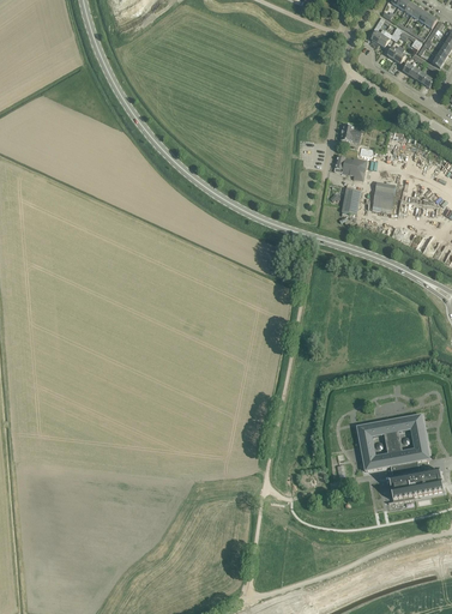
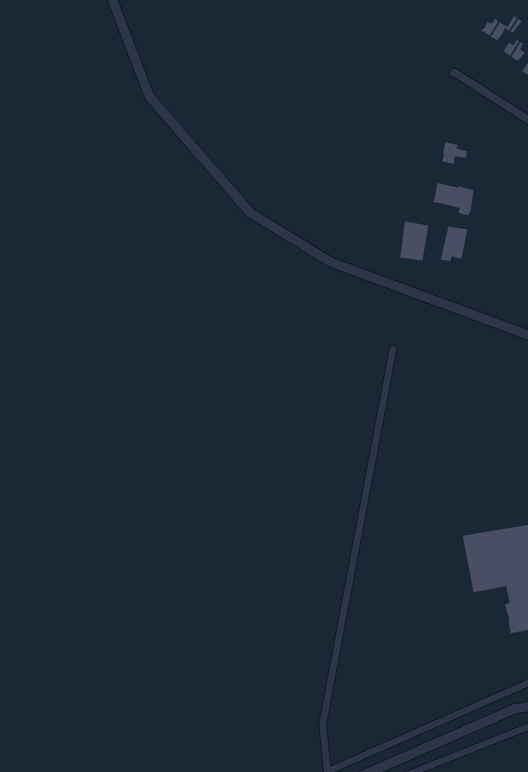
building: [372,180,394,211] -> [400,221,429,261]

